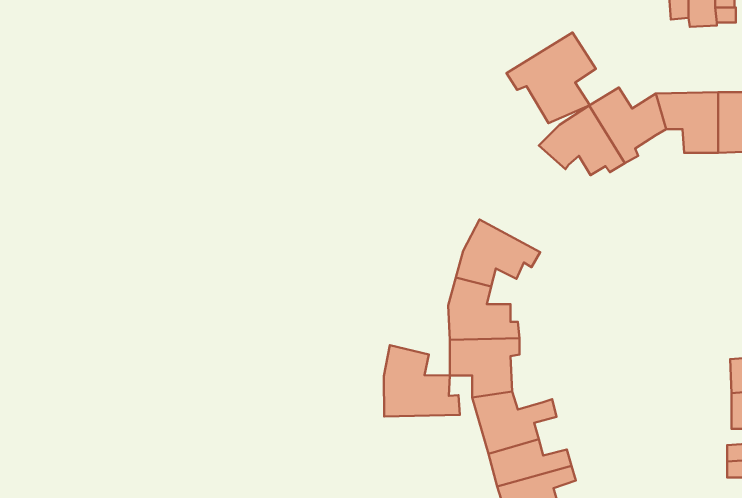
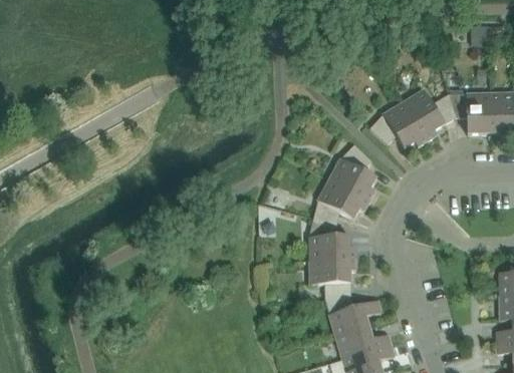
building: [506,33,596,123] -> none
building: none -> [329,142,376,200]
building: [384,345,460,417] -> none

